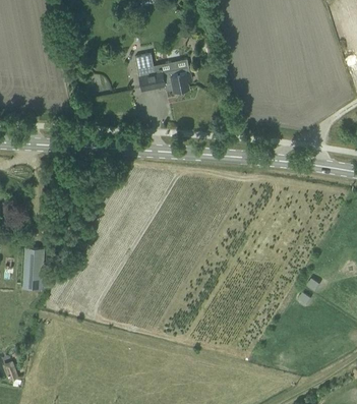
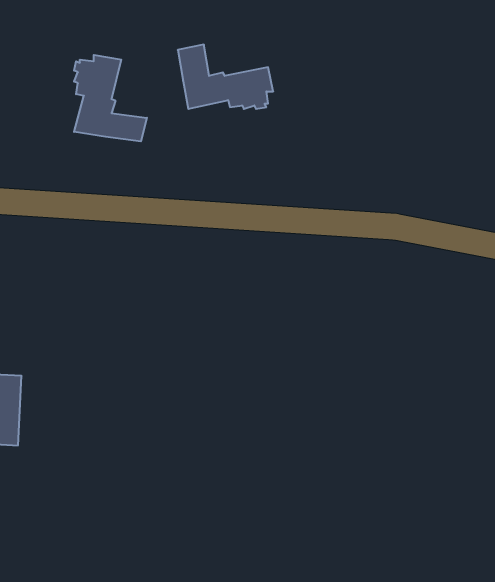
building: none -> [74,55,147,141]

